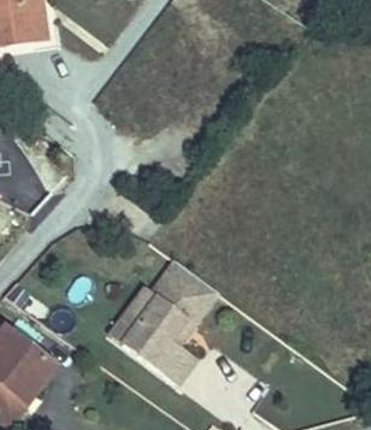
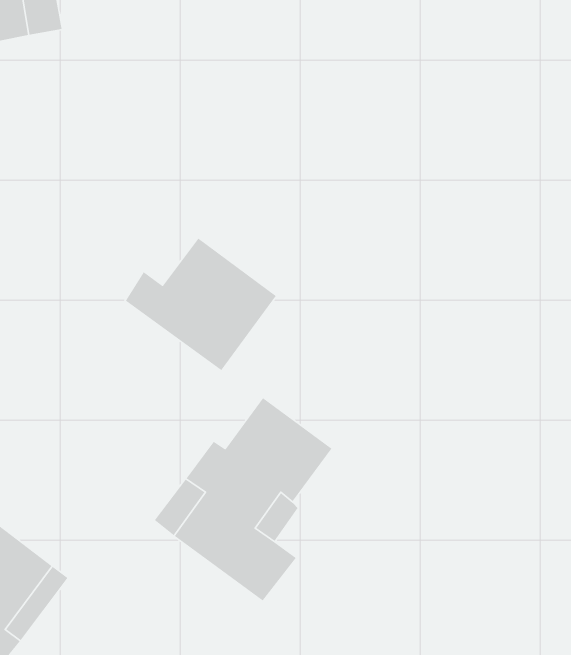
building: none -> [125,238,277,371]

